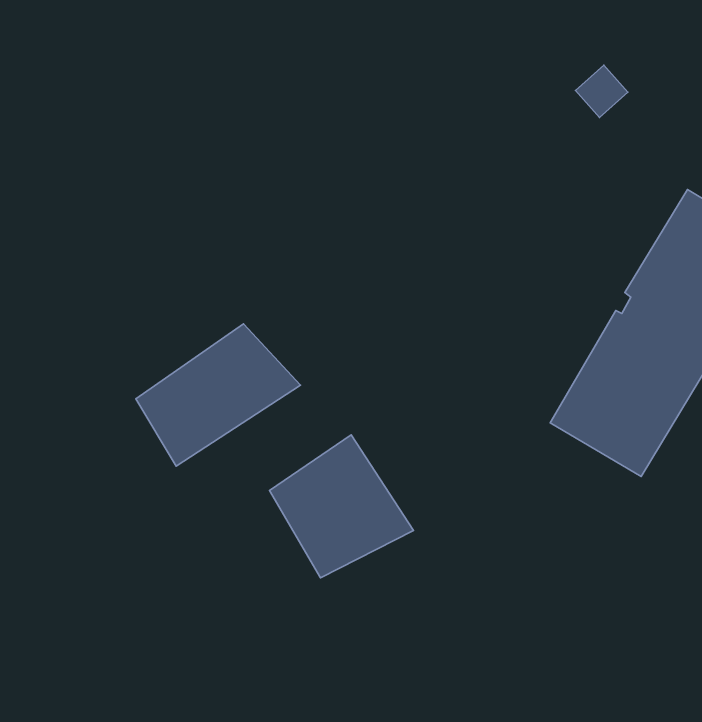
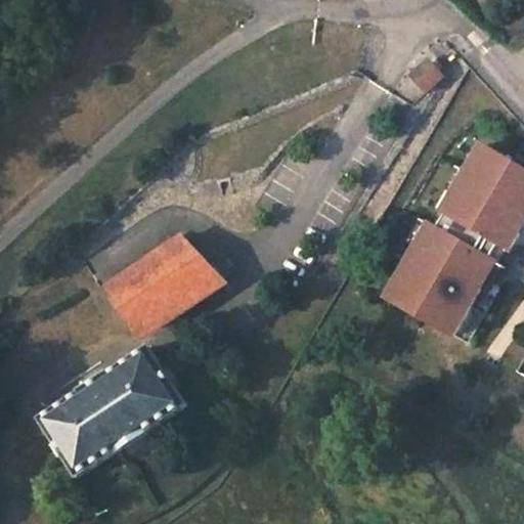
building: [270,435,414,578] -> none
building: none -> [39,349,178,473]

